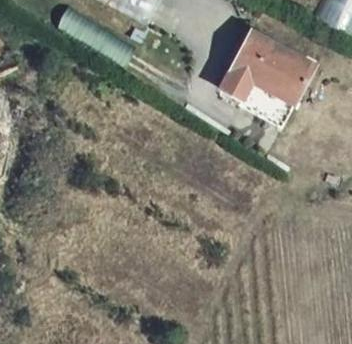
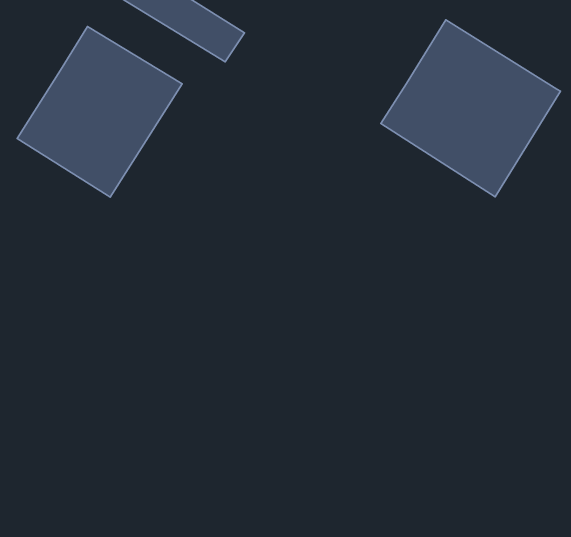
building: none -> [17,26,182,197]

